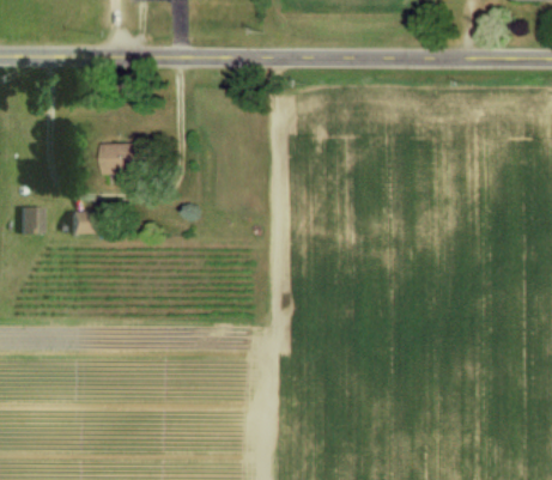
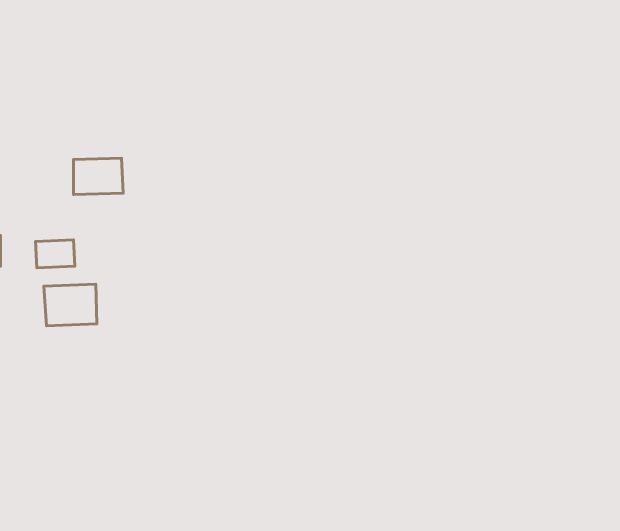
building: none -> [44,284,97,326]

